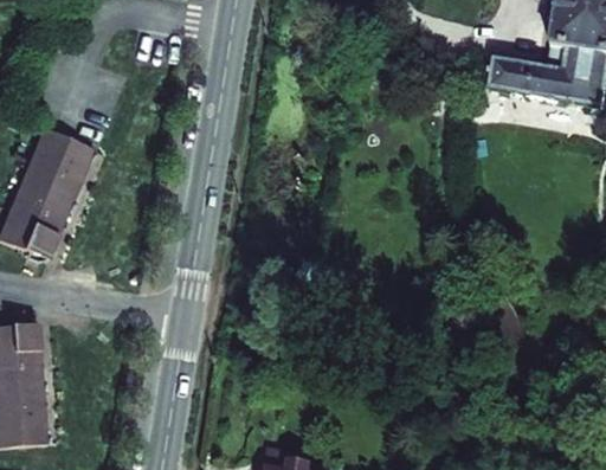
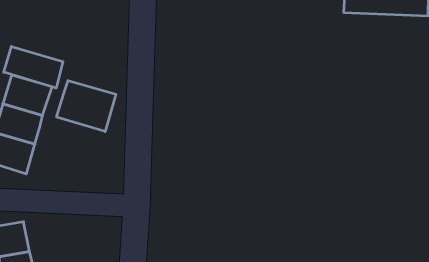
building: none -> [4,46,63,88]
building: none -> [57,81,116,132]

